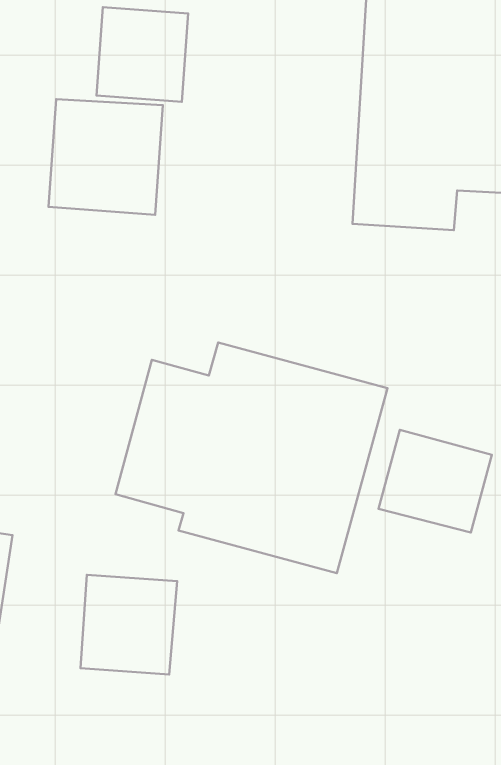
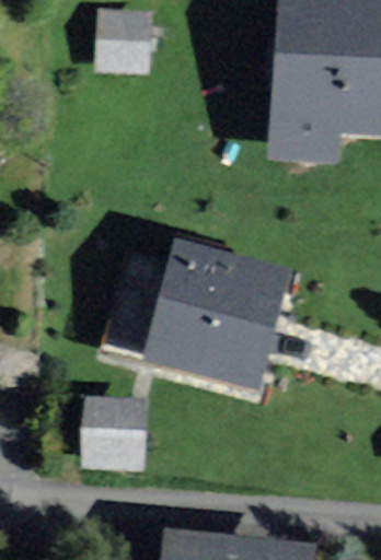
building: [49,99,163,215] -> none
building: [379,430,492,533] -> none

